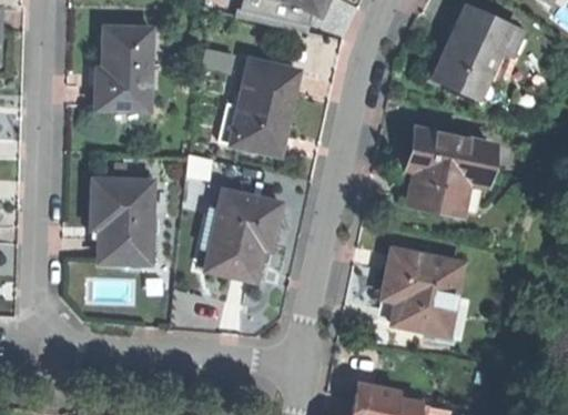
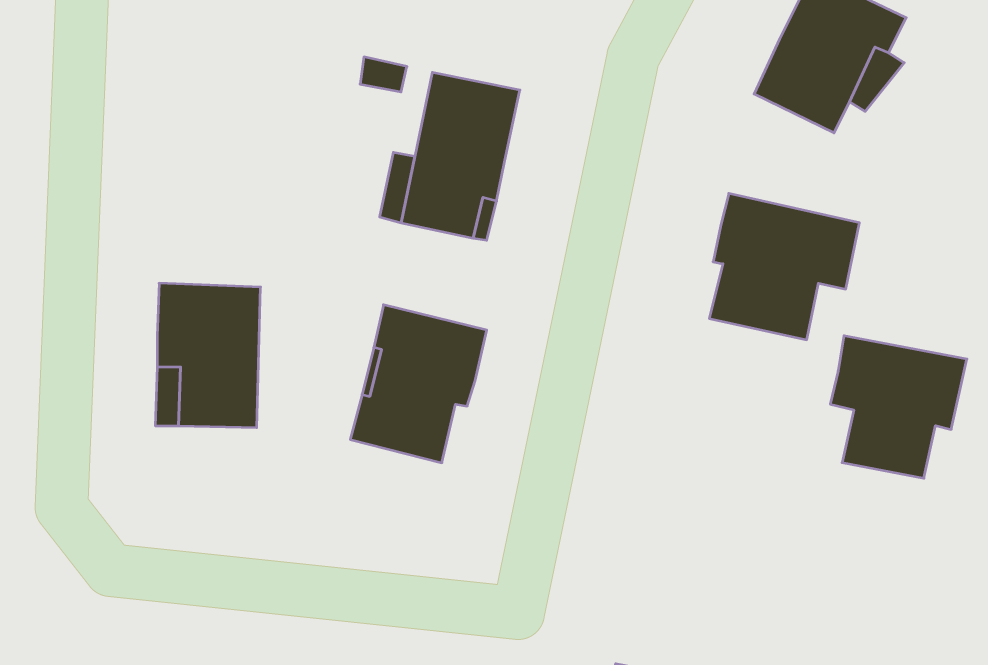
building: [98,28,152,108] -> none
building: [385,250,463,331] -> [830,336,967,478]

